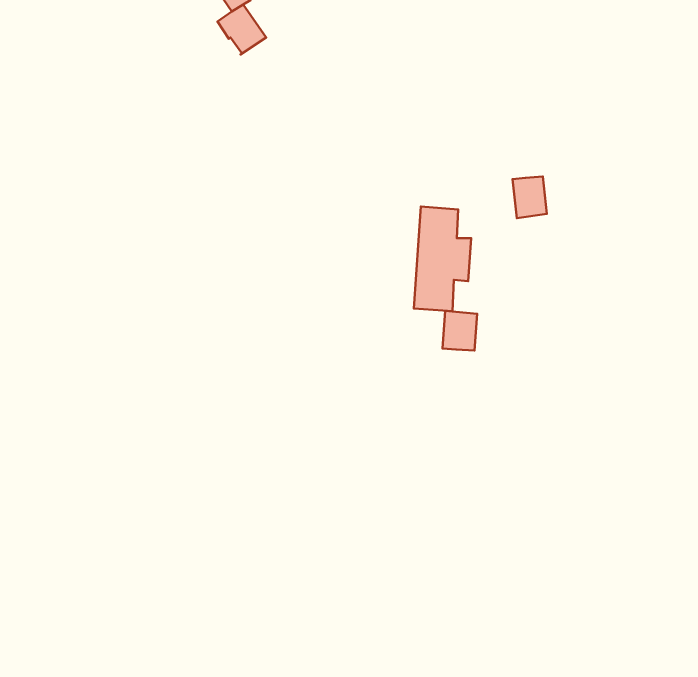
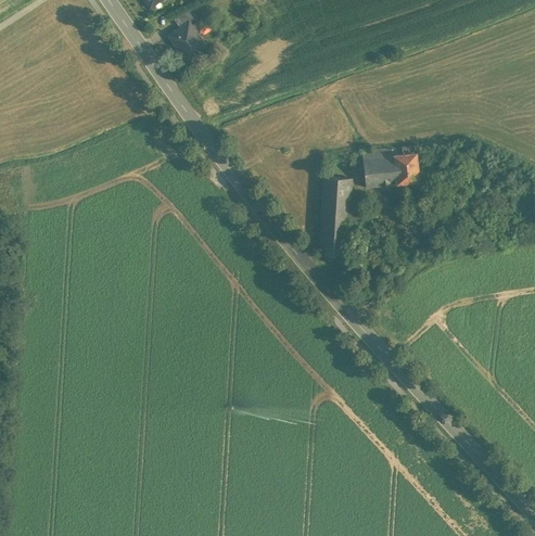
building: none -> [362,146,396,187]
building: [443,311,477,350] -> none

